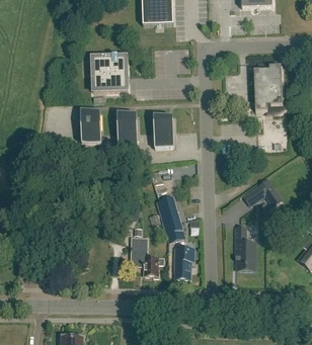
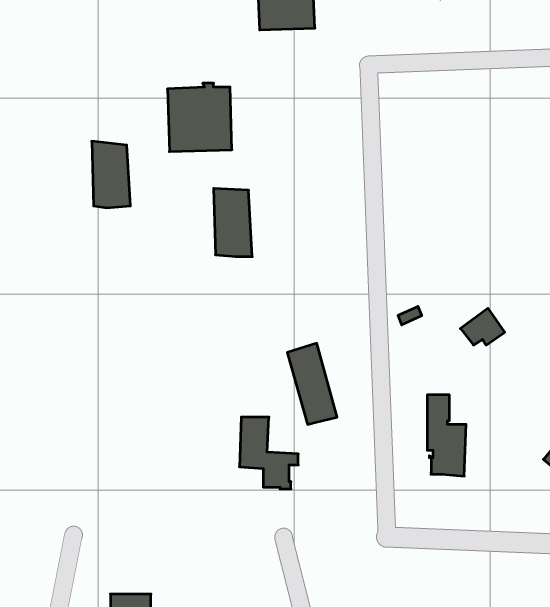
building: [254,66,286,114] -> none
building: [81,109,102,146] -> [92,141,130,208]
building: [154,115,174,149] -> none
building: [175,248,194,278] -> none

